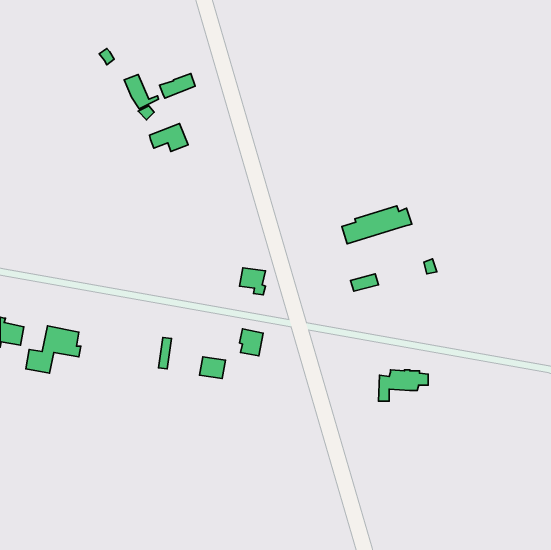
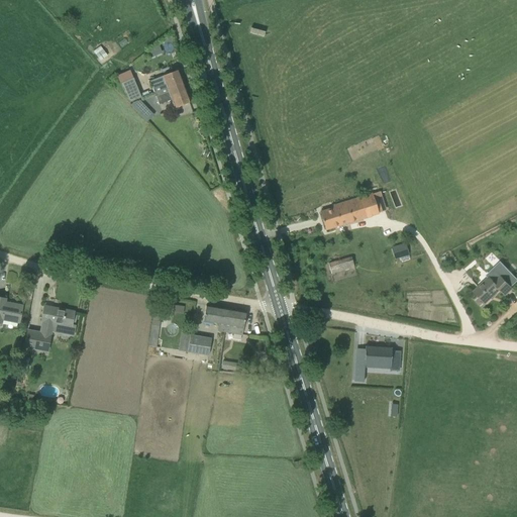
building: [149,123,188,151] -> [154,81,191,107]
building: [240,268,265,295] -> [203,305,227,330]
building: none -> [475,276,512,303]

